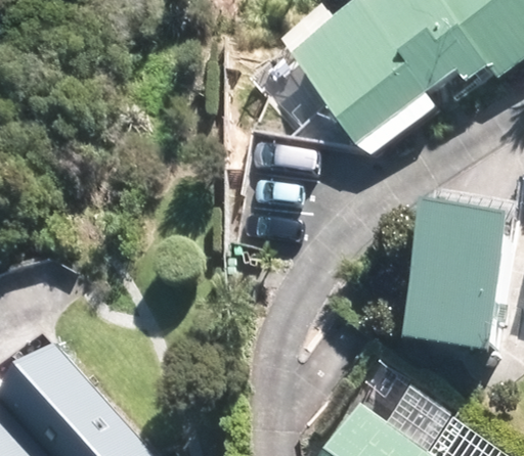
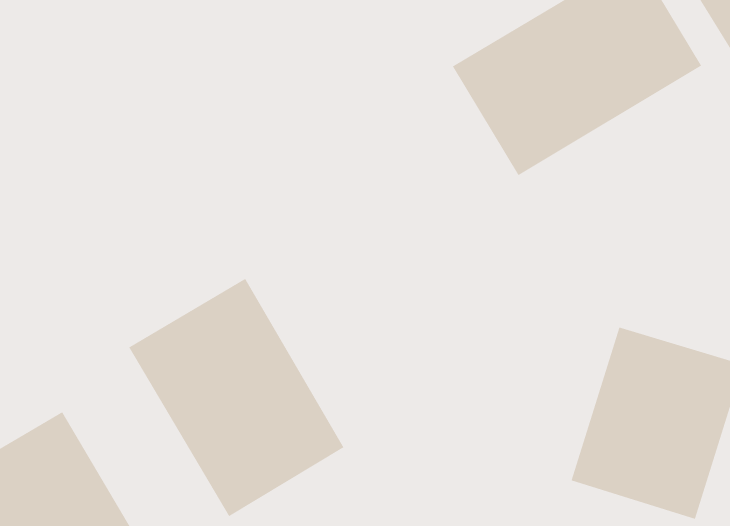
building: none -> [128,278,344,517]

